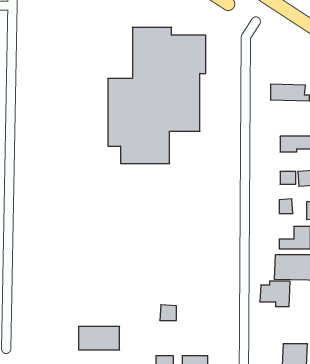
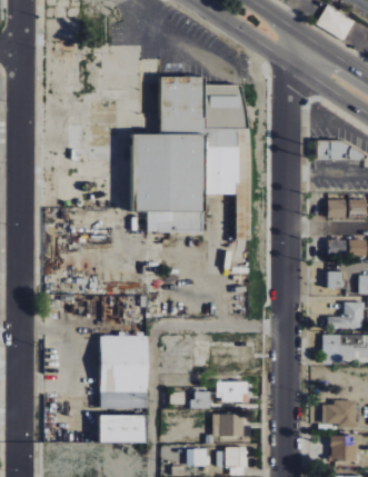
building: none -> [100,336,147,409]
building: [260,281,290,307] -> [321,400,356,429]
building: none -> [216,381,248,401]
building: none -> [212,415,243,437]

